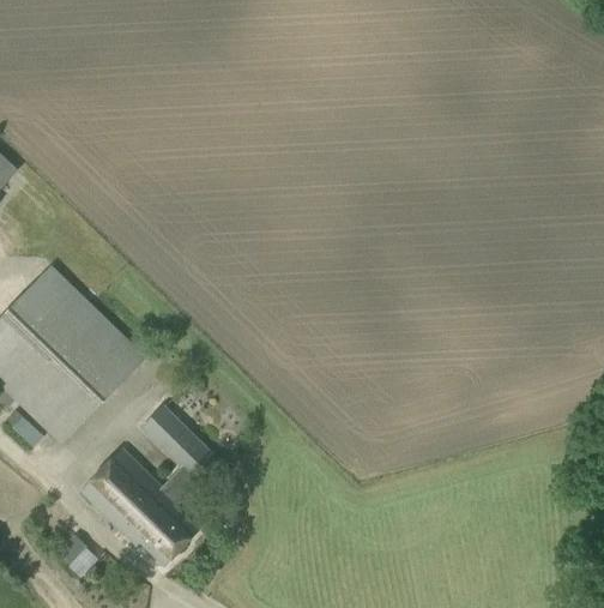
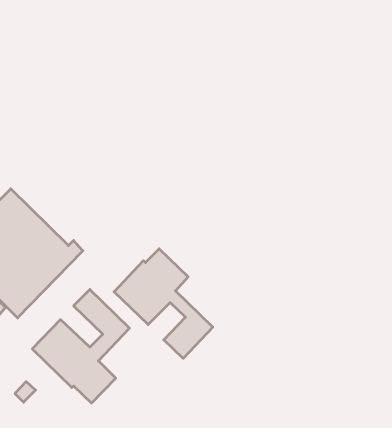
building: none -> [114,249,213,358]

